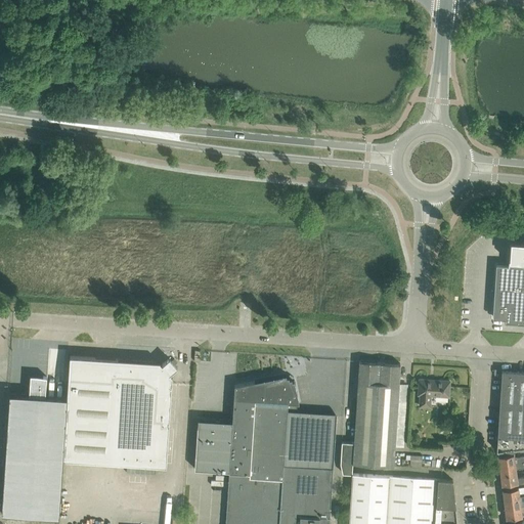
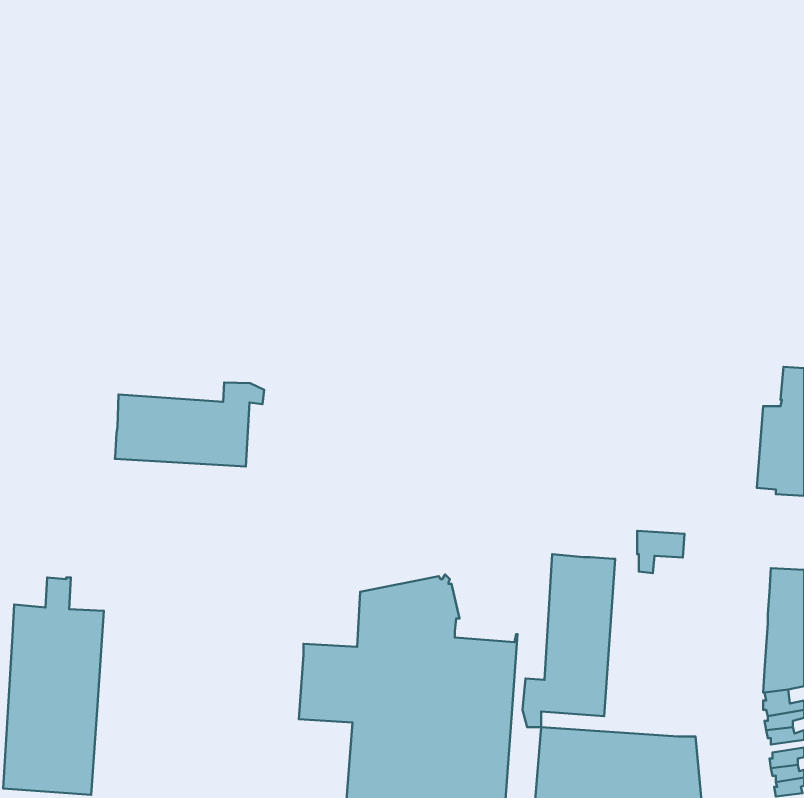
building: none -> [115,382,264,467]
building: [63,359,177,470] -> none
building: [419,383,449,410] -> [637,531,684,573]

